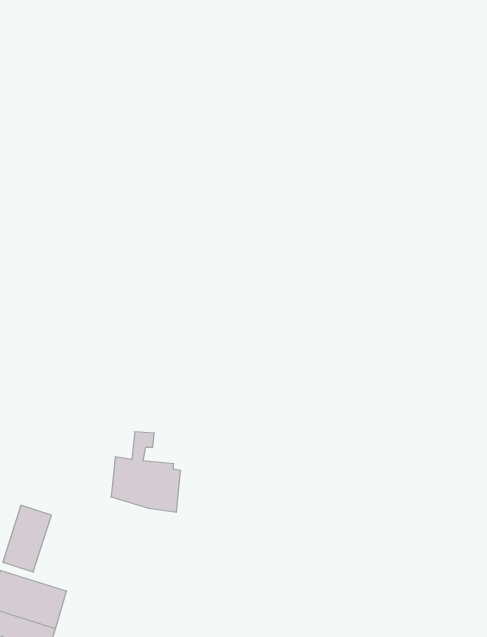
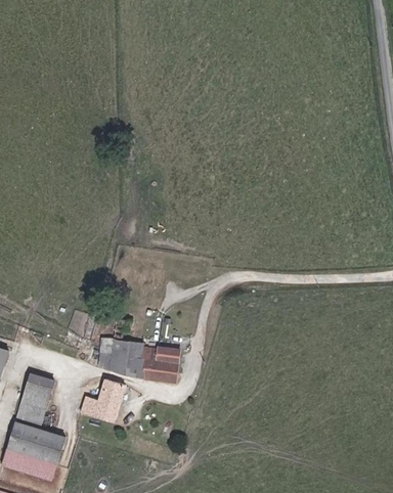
building: none -> [145,347,179,383]
building: none -> [80,378,126,423]

